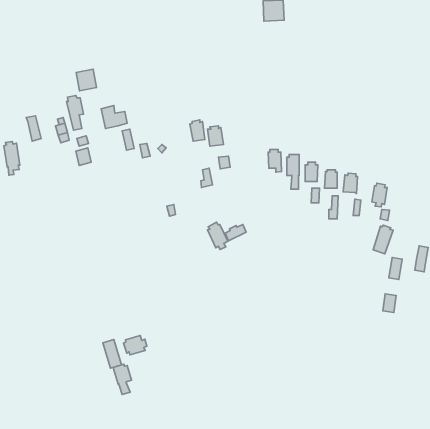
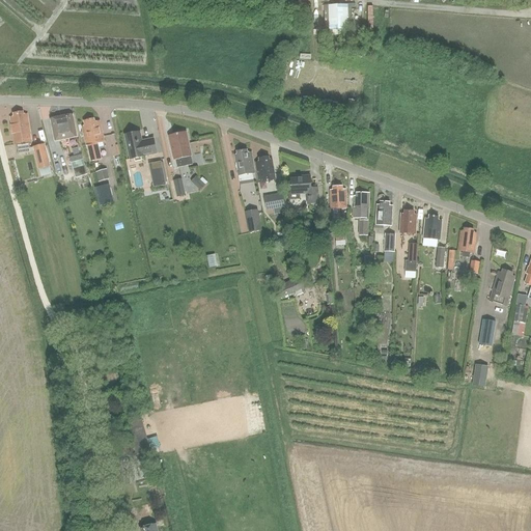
building: [76,69,96,91] -> [51,113,76,140]
building: none -> [169,130,192,166]
building: [4,141,20,175] -> [10,111,30,152]
building: none -> [288,174,318,201]
building: [207,222,228,250] -> none
building: [373,225,393,254] -> [490,269,514,304]
building: [124,335,147,355] -> none
building: [113,364,131,395] -> none

